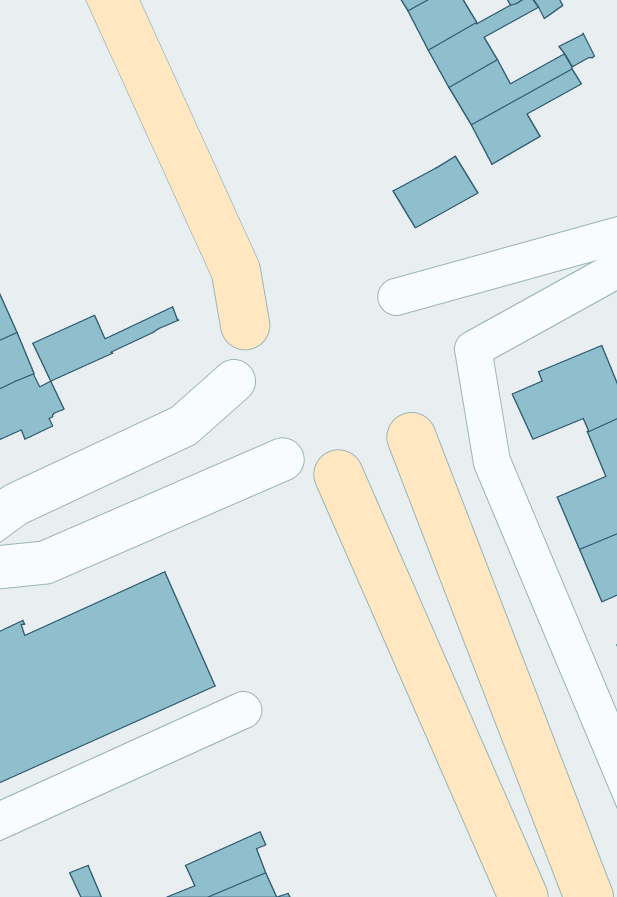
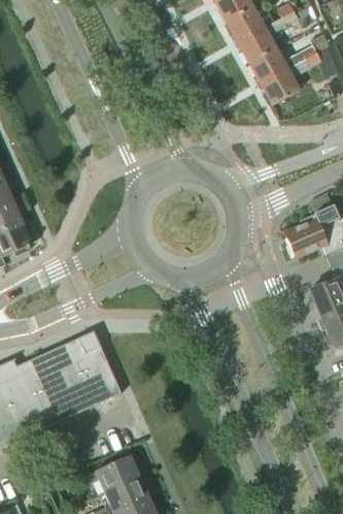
building: [393,156,478,228] -> none
building: [33,307,179,381] -> none
building: none -> [78,455,145,492]

